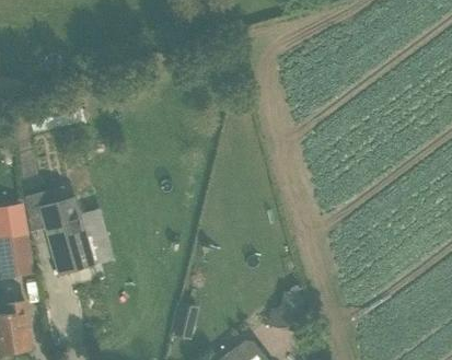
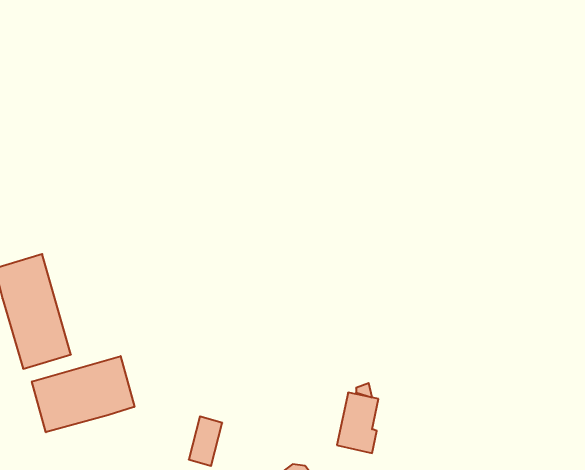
building: none -> [32,356,134,432]

